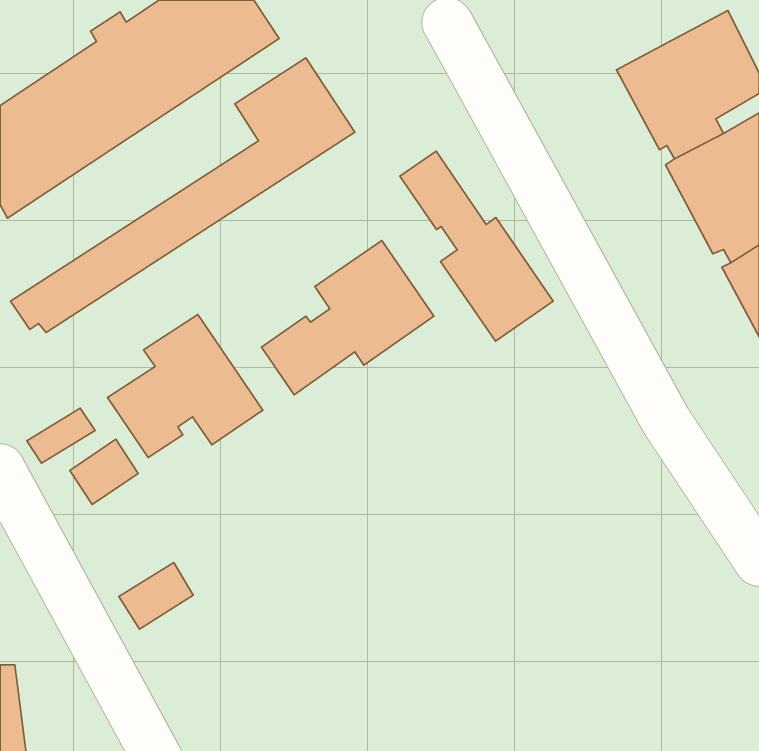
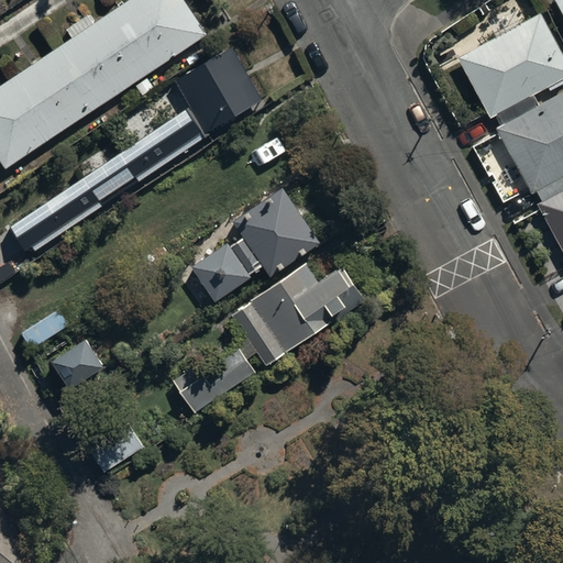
building: [400,151,553,341] -> none
building: [107,314,263,458] -> none
building: none -> [174,262,365,413]

